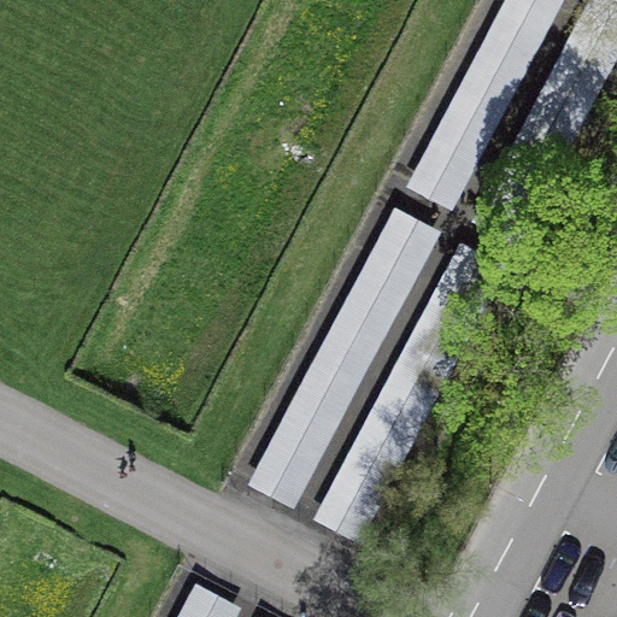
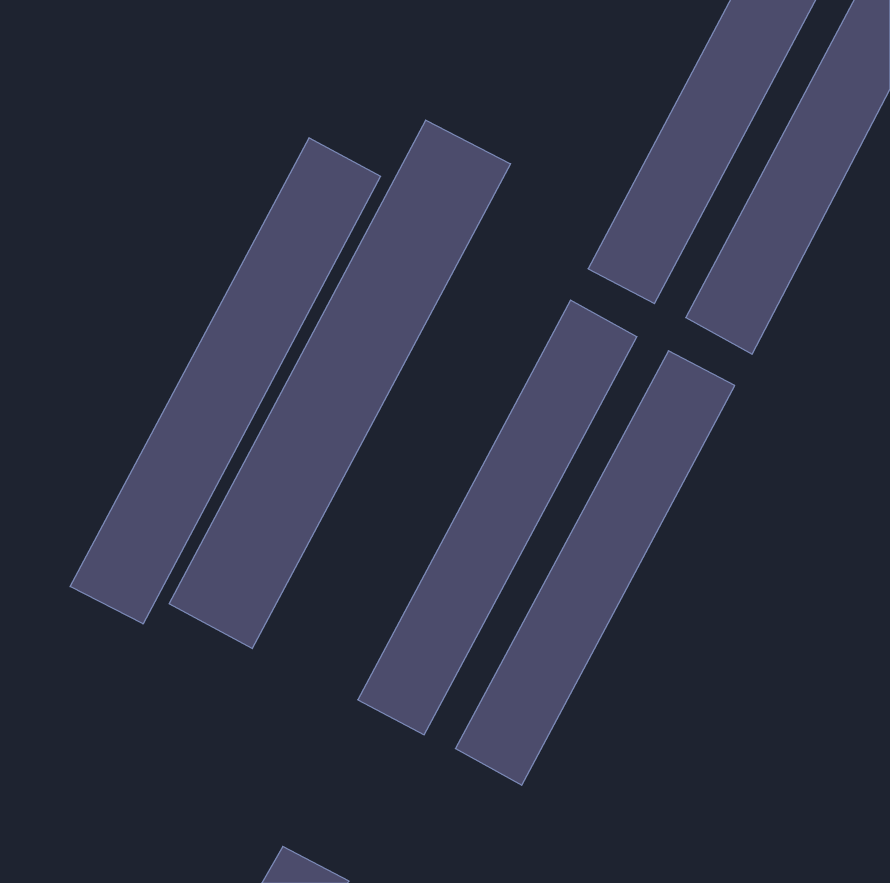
building: none -> [169,120,511,649]
building: none -> [70,138,381,624]

